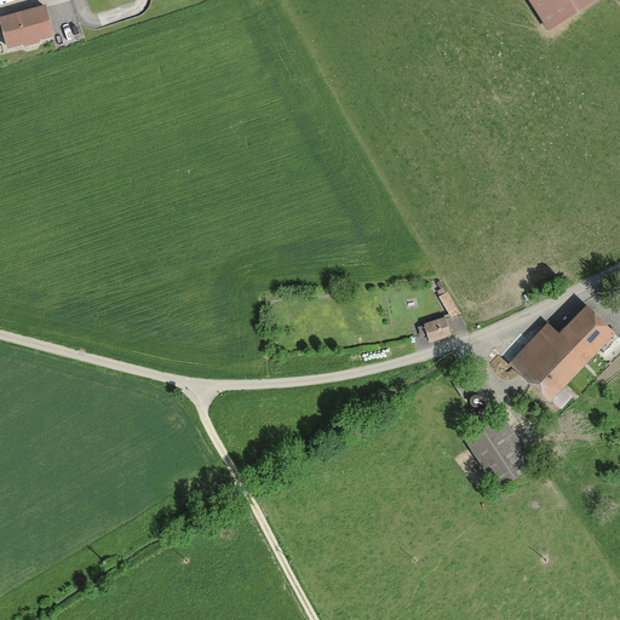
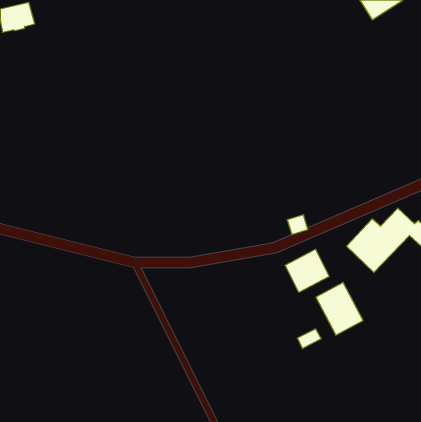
building: none -> [285,249,329,292]
building: none -> [298,329,321,349]

